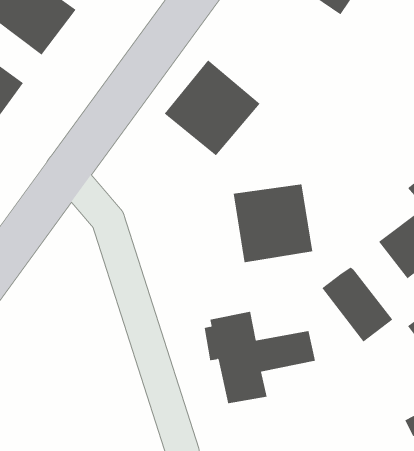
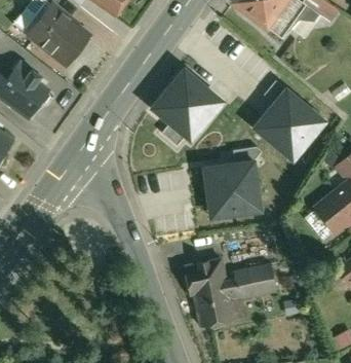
building: none -> [257,90,328,162]
building: [321,266,393,342] -> none

